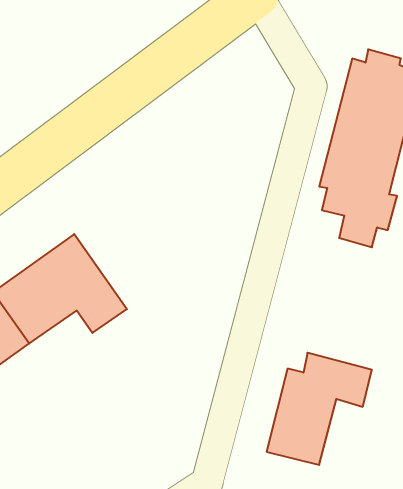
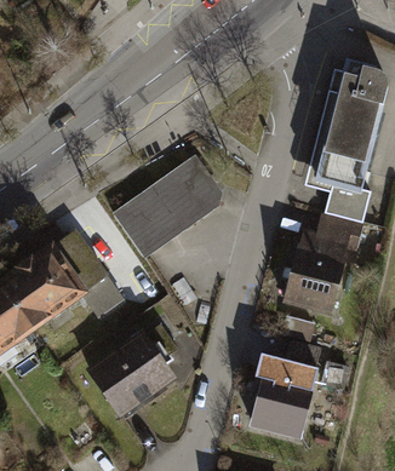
building: none -> [114,155,224,260]
building: none -> [285,229,348,314]
building: none -> [80,327,178,420]

